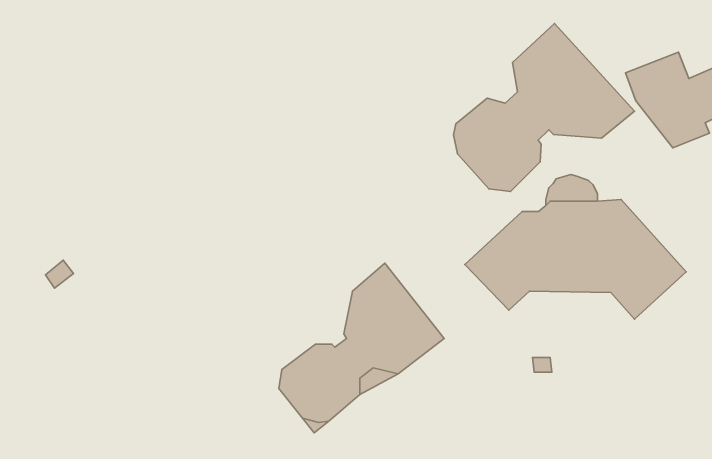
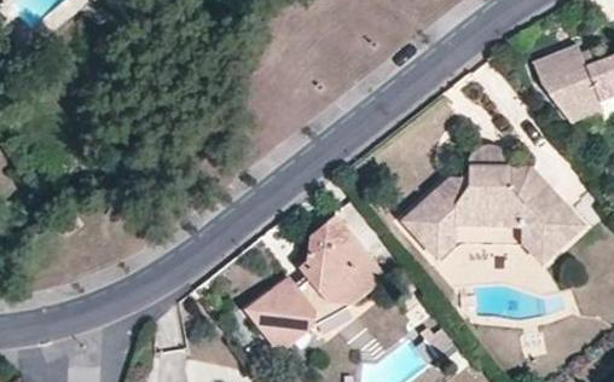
building: [454,24,635,191] -> none

